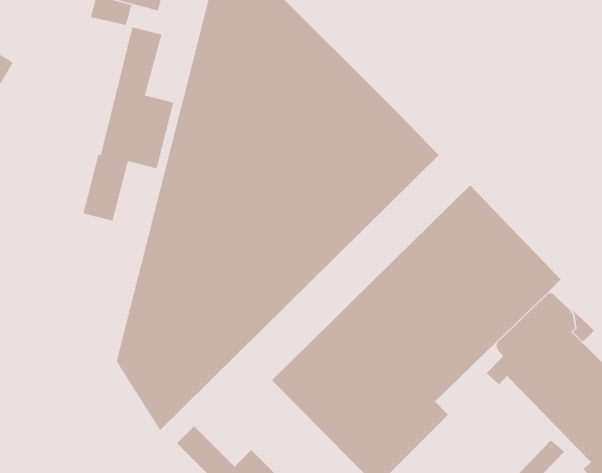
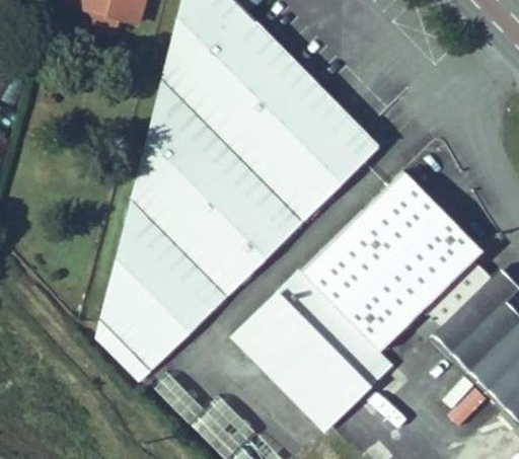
building: [83,26,174,222] -> none

